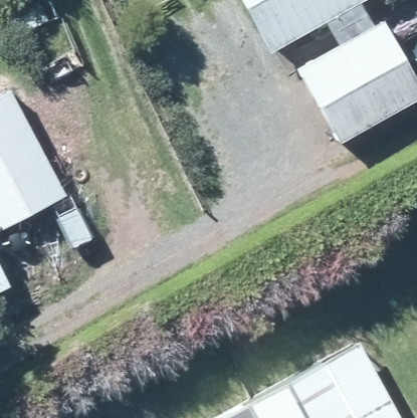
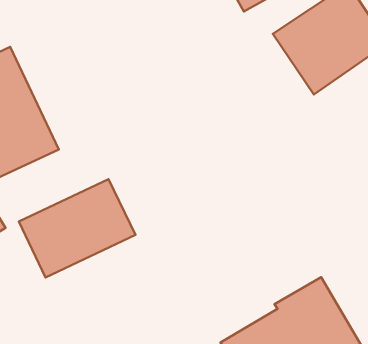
building: none -> [19,179,135,277]

